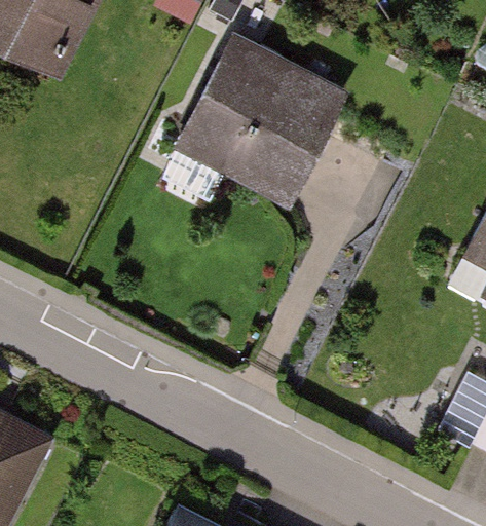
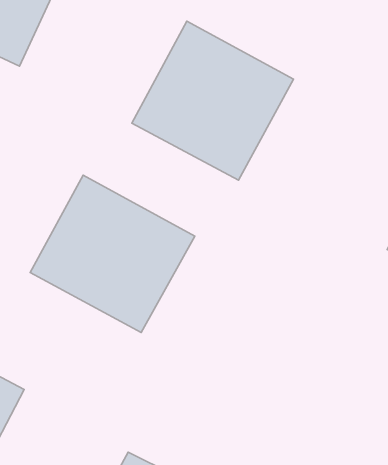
building: none -> [30,175,195,333]

